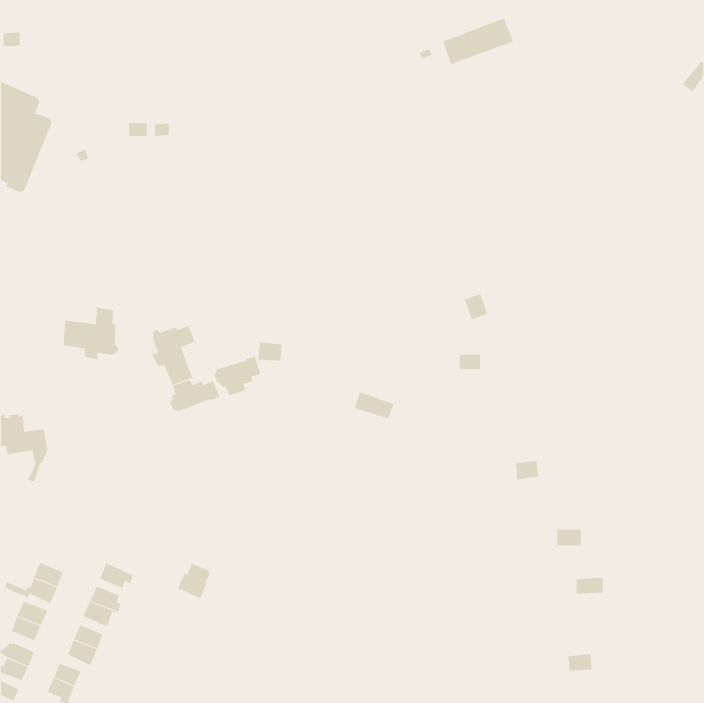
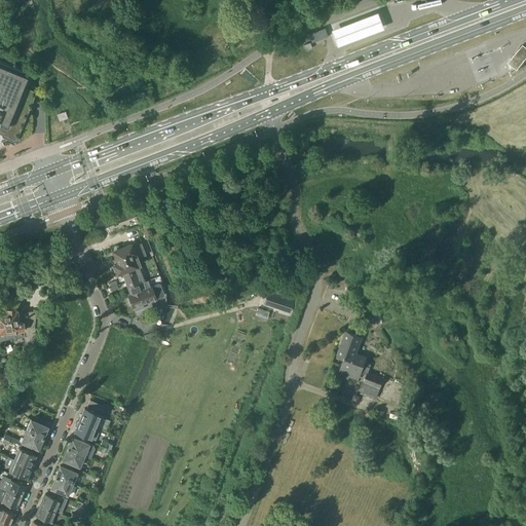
building: [63,306,119,360] -> none
building: [214,356,261,396] -> none
building: none -> [337,333,383,401]
building: [177,563,210,599] -> [79,402,104,428]

